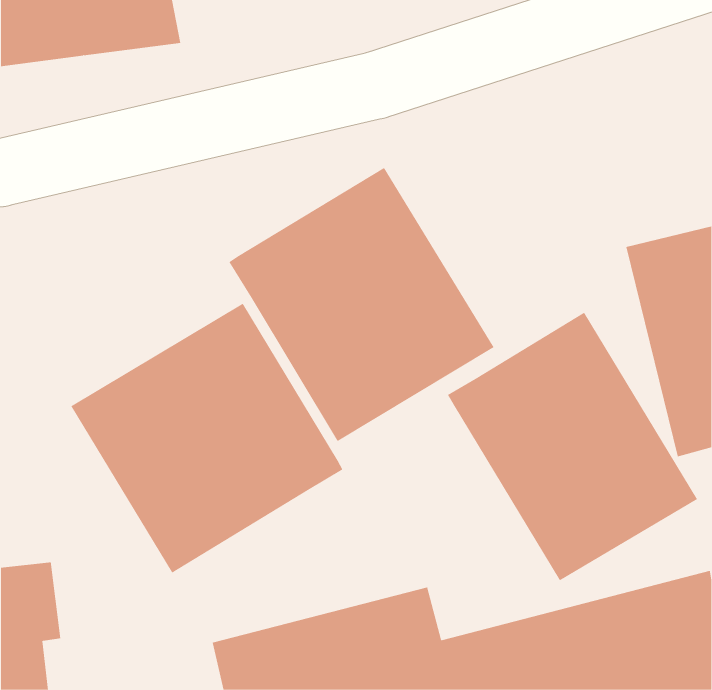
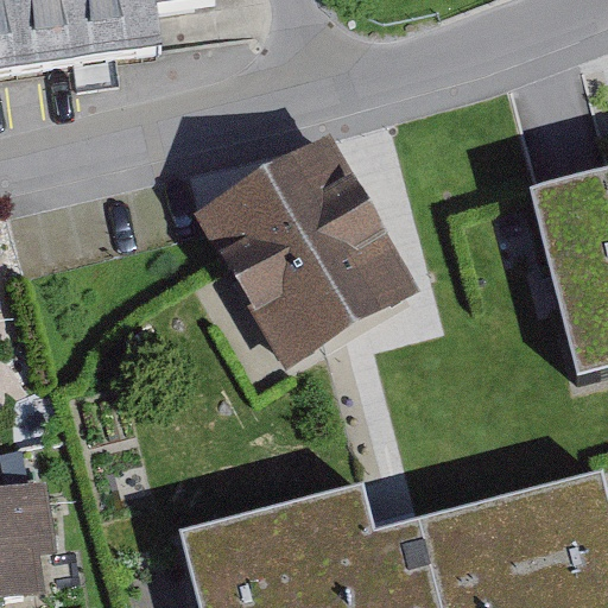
building: [70,303,343,573] -> none
building: [447,312,698,581] -> none

